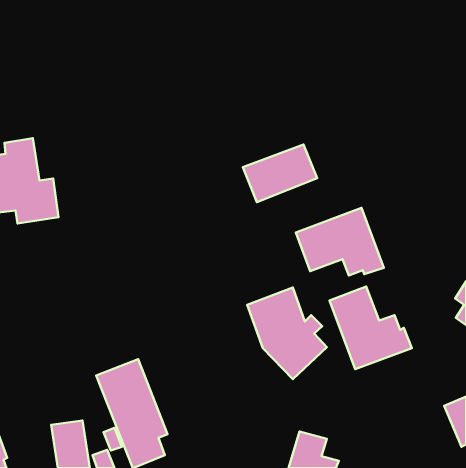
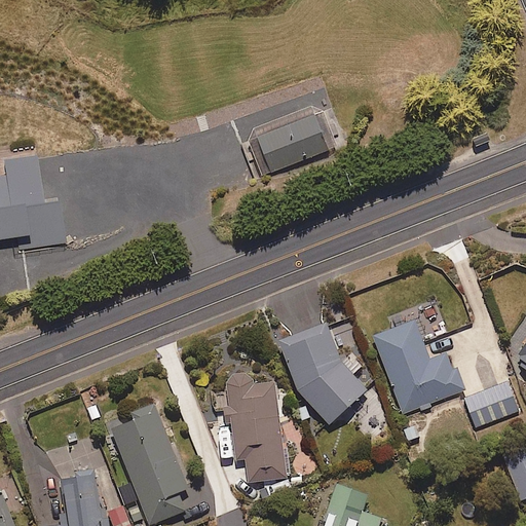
building: [243,144,317,202] -> [256,107,339,172]
building: [296,208,384,275] -> none
building: none -> [227,371,286,482]
building: none -> [459,382,517,429]

